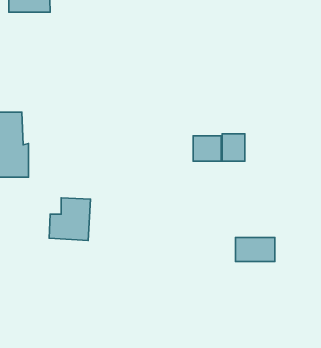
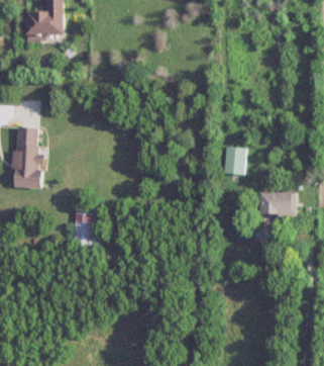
building: [193,136,221,161] -> none
building: [236,238,275,262] -> [258,193,295,215]

